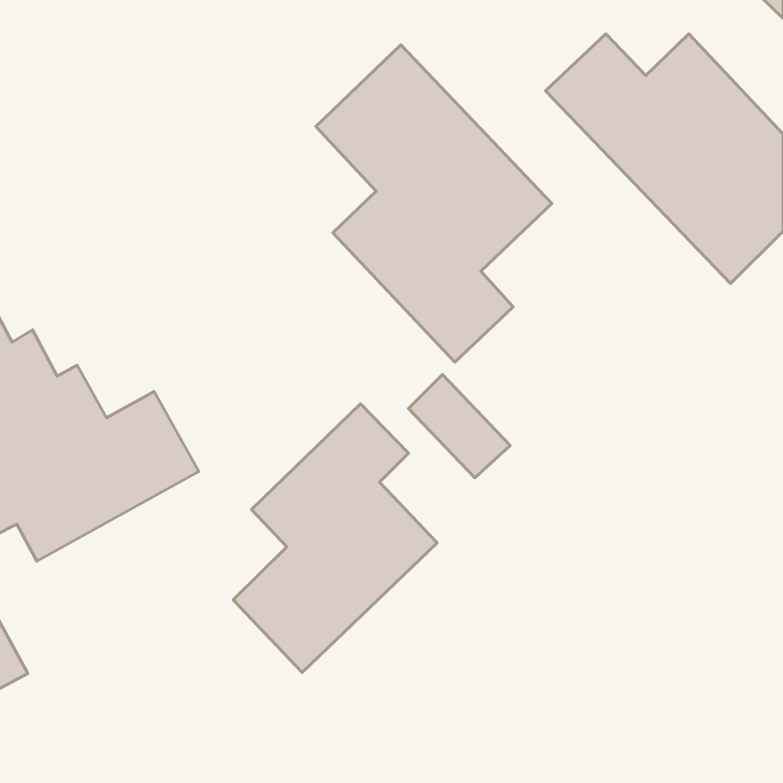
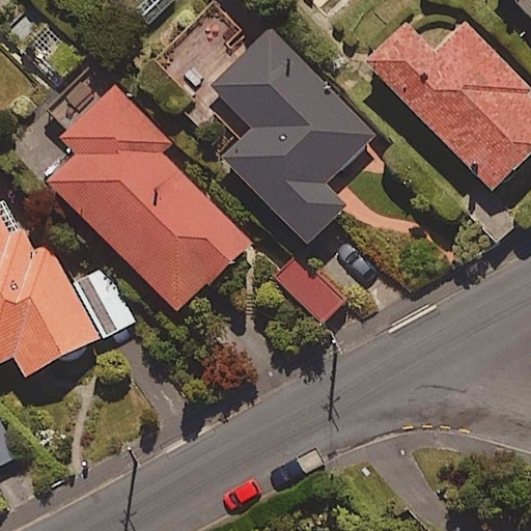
building: none -> [49,87,249,313]
building: [233,404,437,673] -> none

